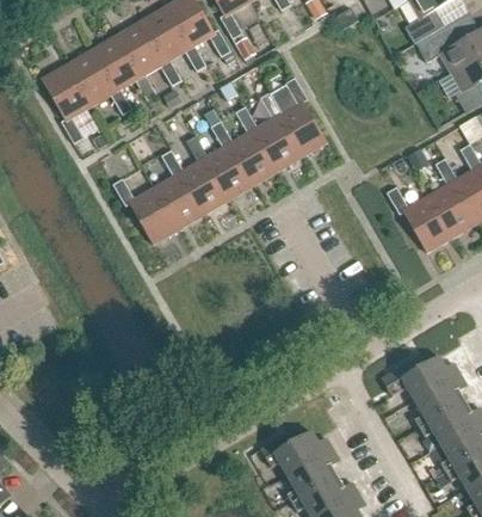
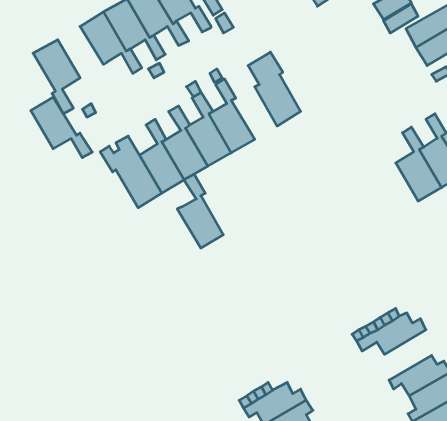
building: [67,50,132,115] -> [31,97,92,158]
building: [252,92,301,171] -> [177,174,223,248]
building: [385,186,451,252] -> none
building: [414,374,466,427] -> none

